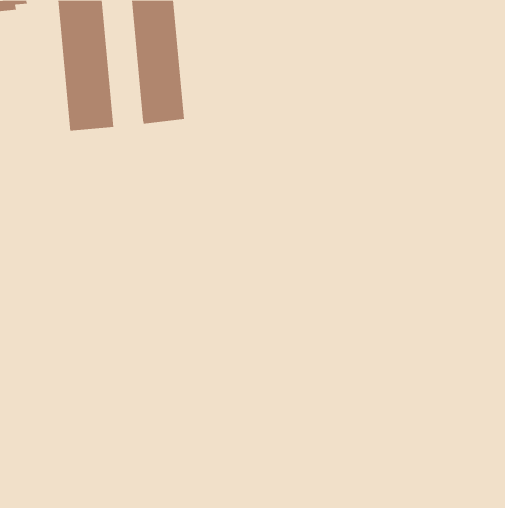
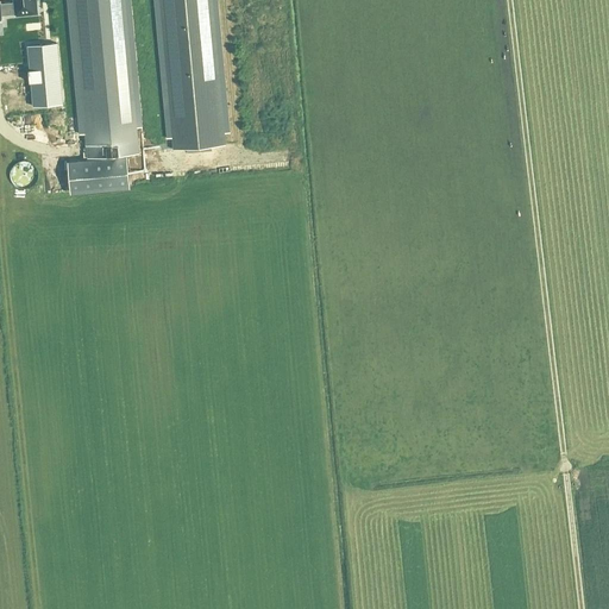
building: none -> [24,43,59,106]
building: none -> [64,156,126,194]

